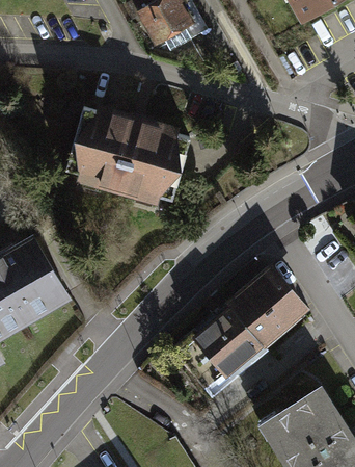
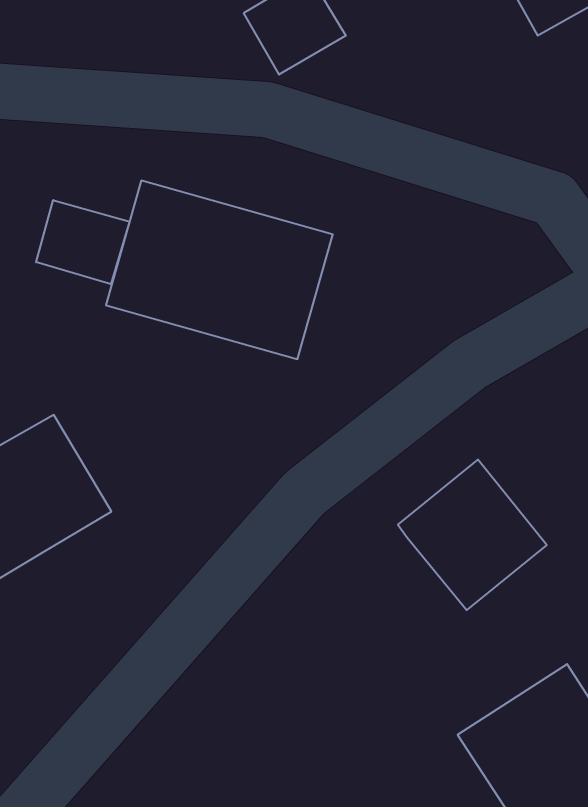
building: none -> [36,200,130,284]
building: [193,308,265,380] -> none

